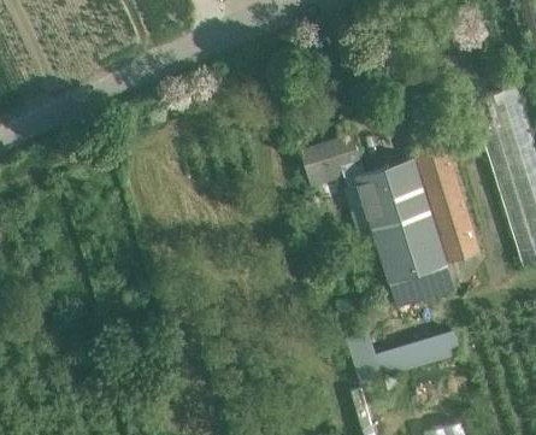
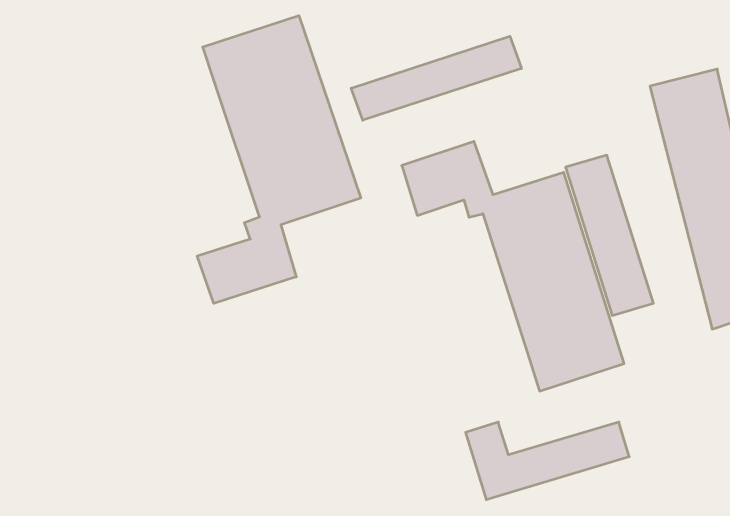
building: none -> [197,16,361,303]
building: none -> [351,36,521,120]

